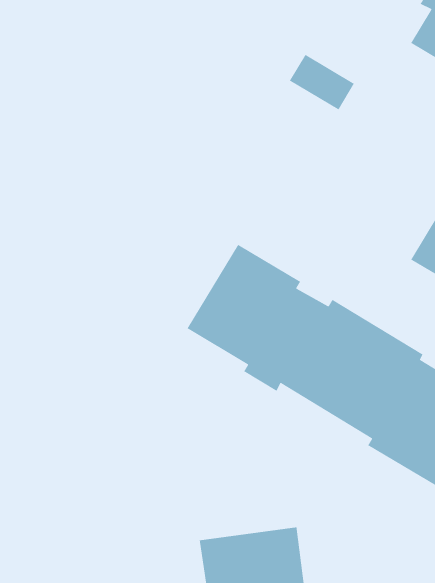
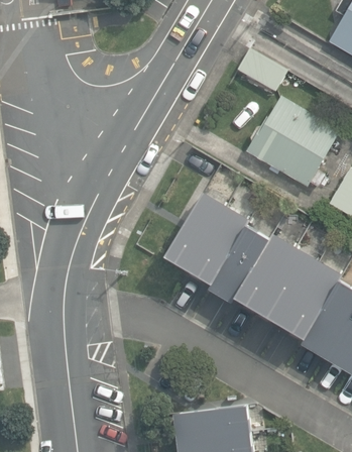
building: none -> [246,97,341,188]

